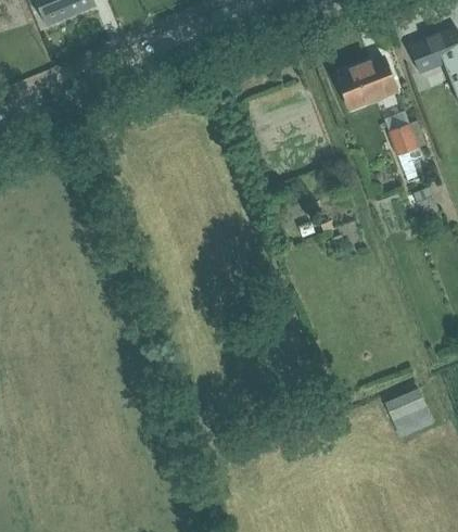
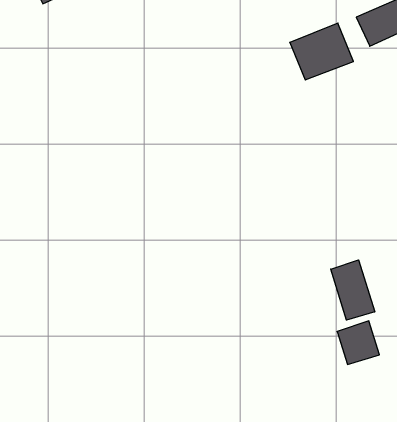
building: [386,118,419,153] -> none
building: none -> [331,260,375,320]

